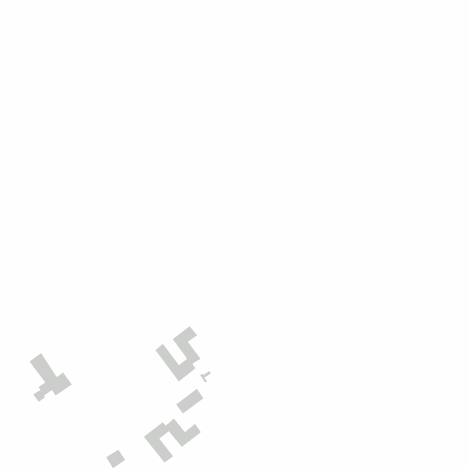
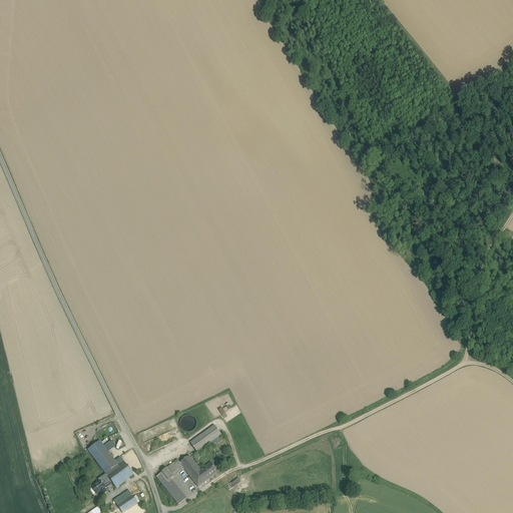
building: [154,325,201,382] -> none
building: [28,352,73,403] -> [87,438,135,493]

